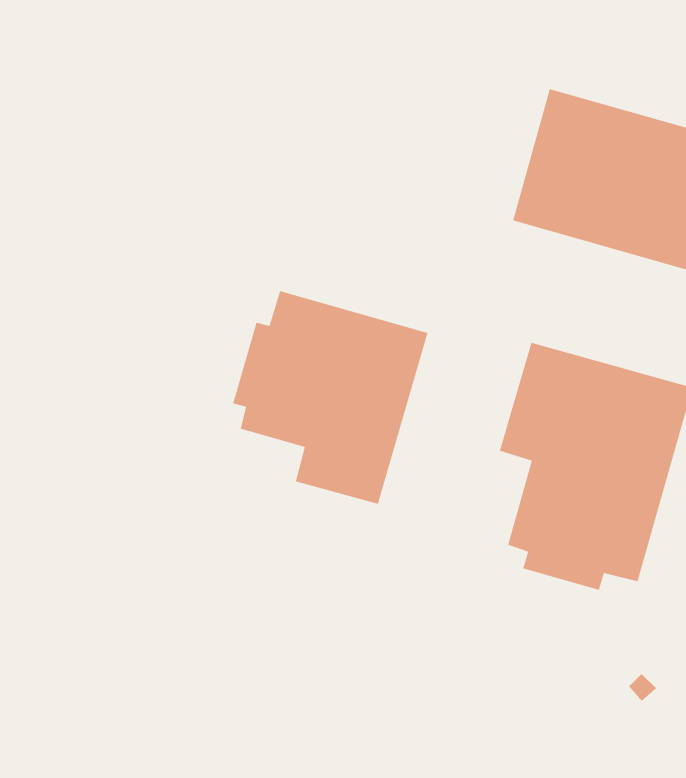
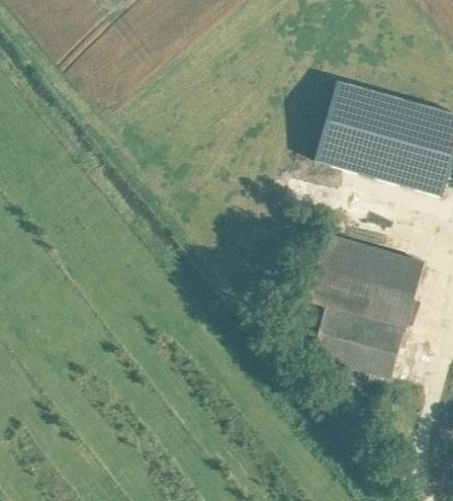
building: [232,290,428,505] -> none

